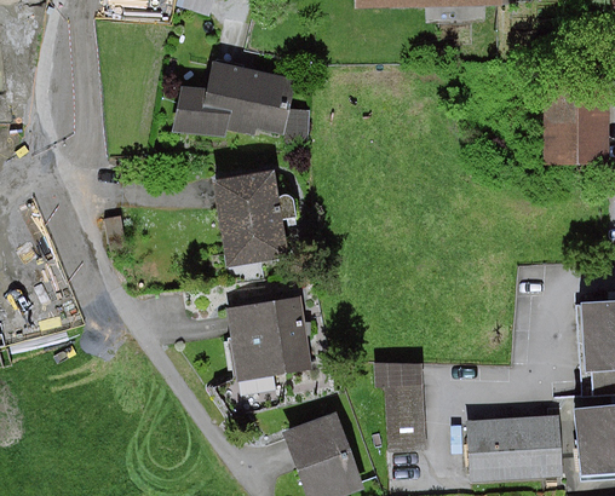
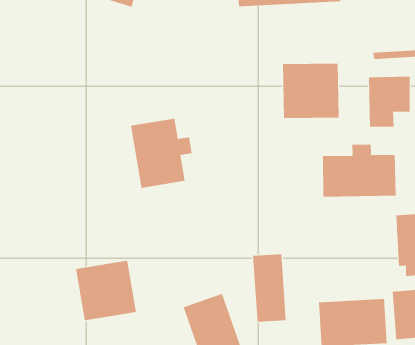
building: [176,62,295,135] -> none
building: none -> [283,63,339,119]
building: none -> [322,144,396,198]
building: [228,295,312,379] -> [75,260,137,321]

